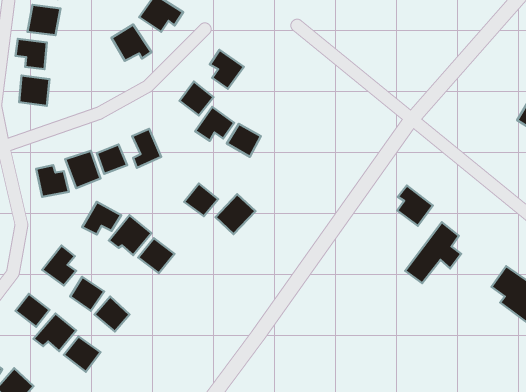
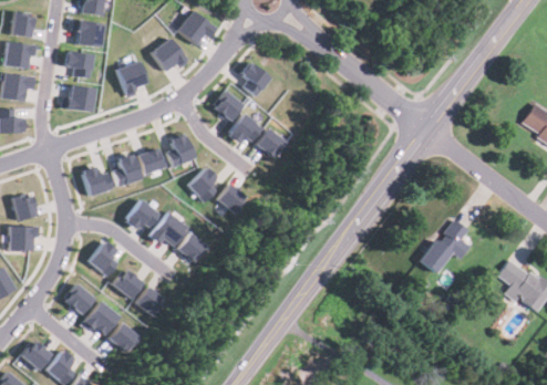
building: none -> [114,60,145,97]
building: [397,186,433,226] -> none
building: [215,194,255,234] -> [187,165,224,201]

